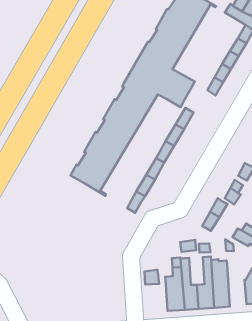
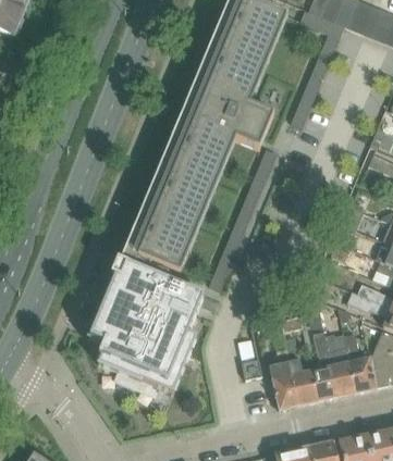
building: none -> [88,260,204,394]
building: none -> [345,337,377,393]

